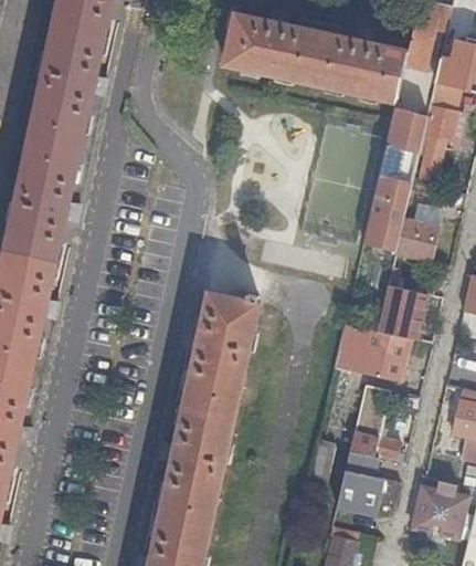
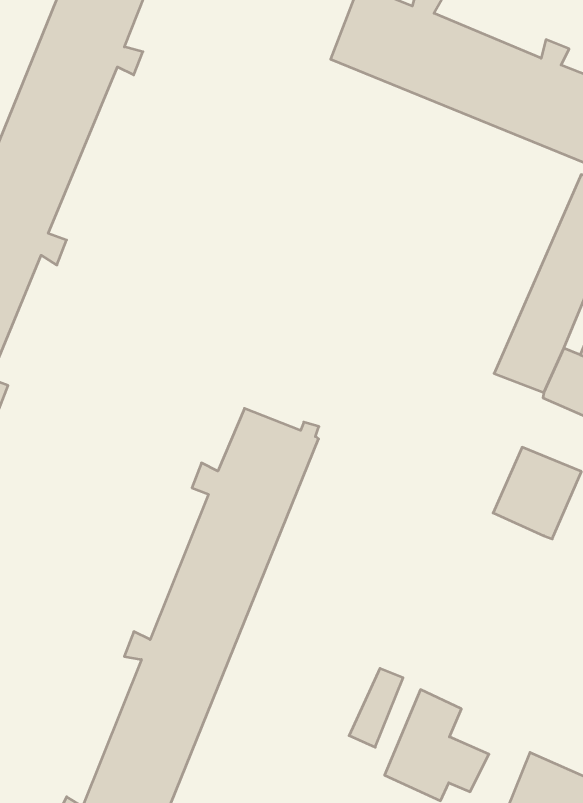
building: [334,323,410,382] -> none
building: [349,385,399,461] -> none

